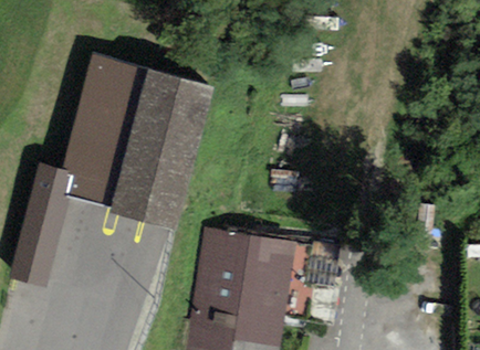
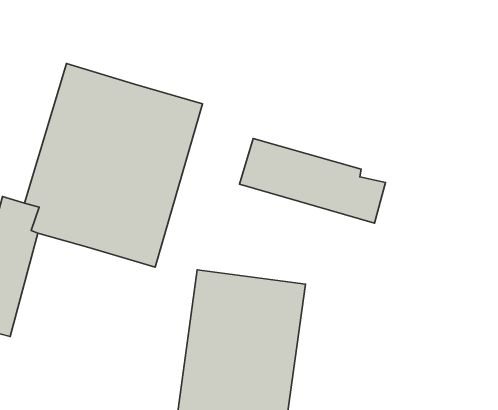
building: none -> [239,138,385,223]

